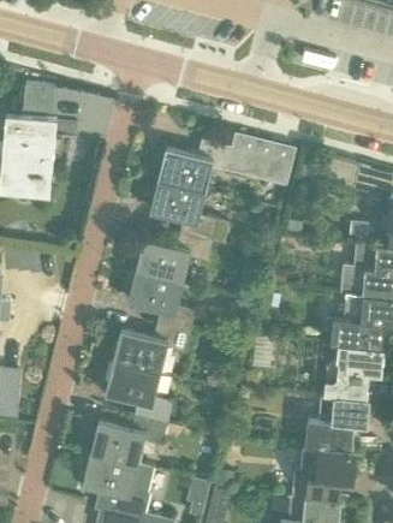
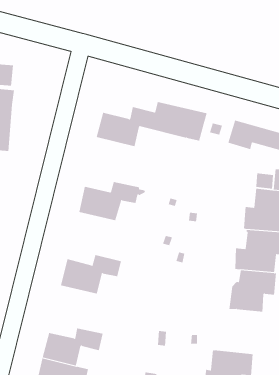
building: [150,178,230,243] -> none
building: [127,272,195,333] -> none
building: [105,363,172,423] -> none
building: [305,393,369,448] -> none

